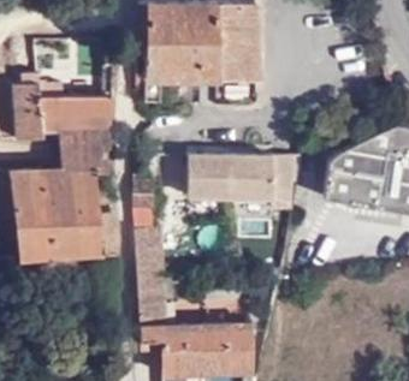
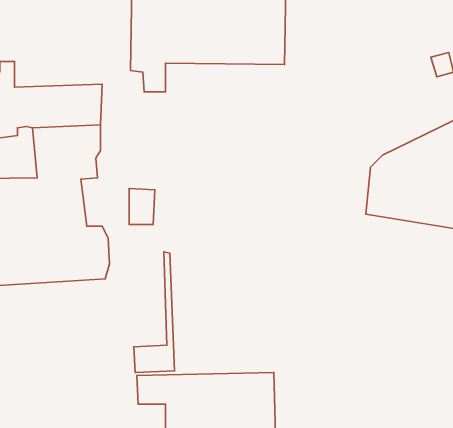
building: [180,160,290,214] -> none
building: [136,228,165,304] -> none

